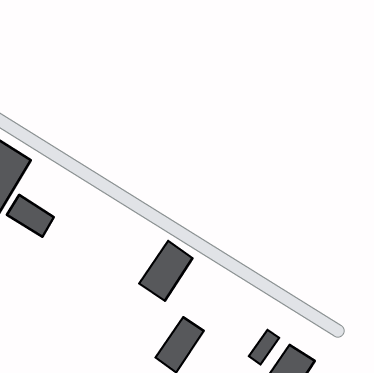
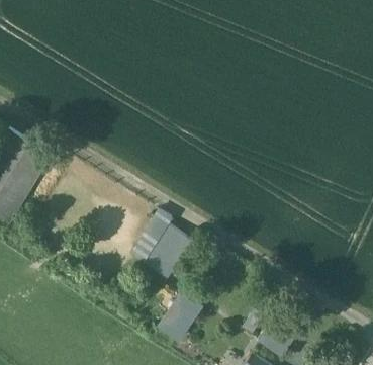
building: [7,195,54,237] -> none
building: none -> [130,207,173,261]

